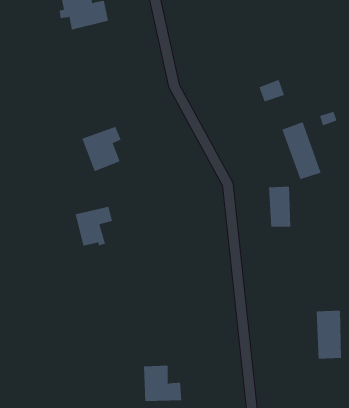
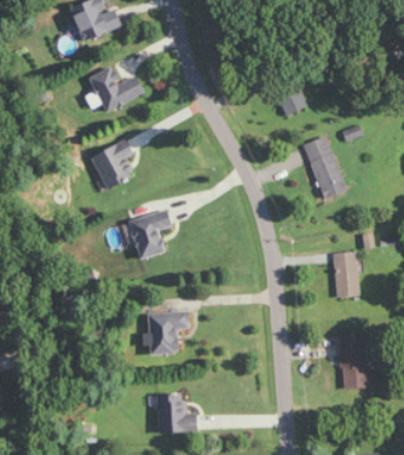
building: none -> [92,68,144,109]
building: [268,186,291,227] -> [334,252,358,295]
building: [75,206,113,246] -> [131,211,171,253]
building: none -> [145,312,189,353]

